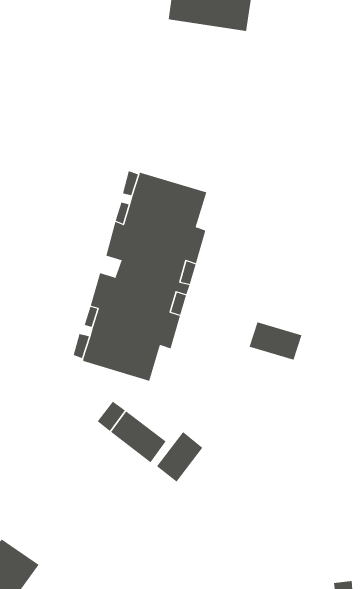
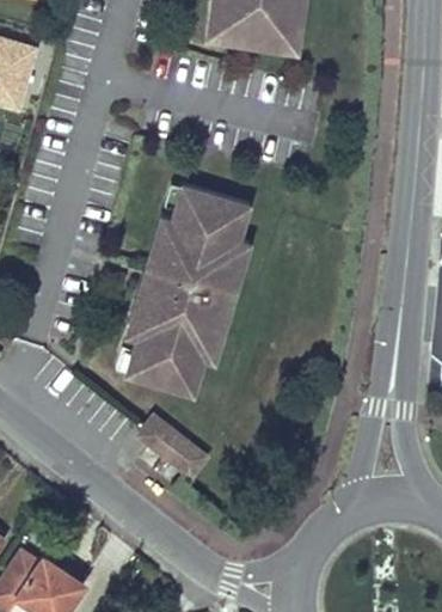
building: [249,321,302,360] -> none
building: [156,431,203,483] -> none

